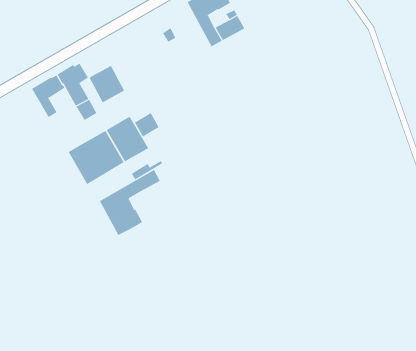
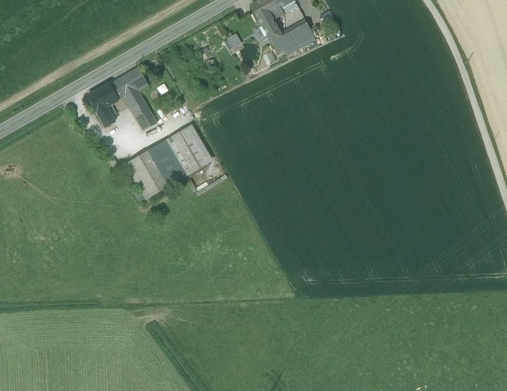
building: [89,65,125,103] -> none
building: [134,112,160,137] -> none
building: [99,169,161,236] -> none

